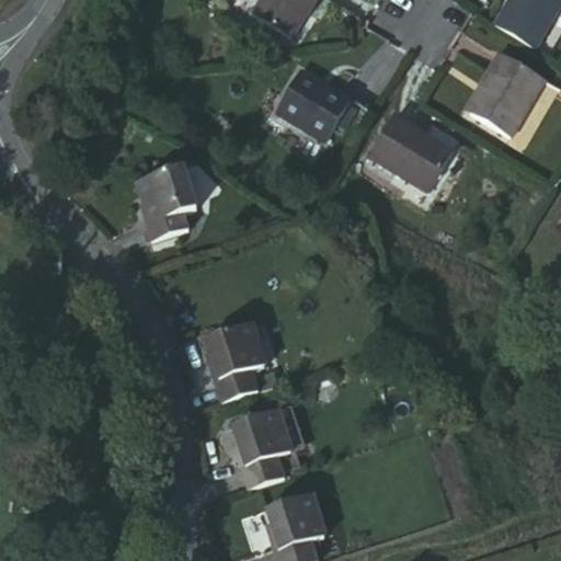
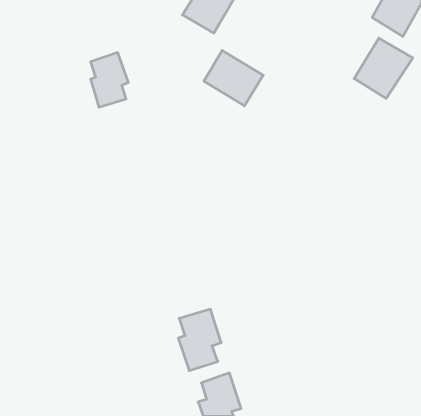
building: [365,116,448,191] -> none
building: [146,170,196,242] -> [91,53,128,107]
building: [210,321,267,398] -> none

